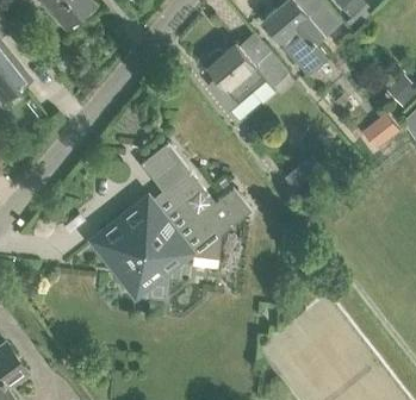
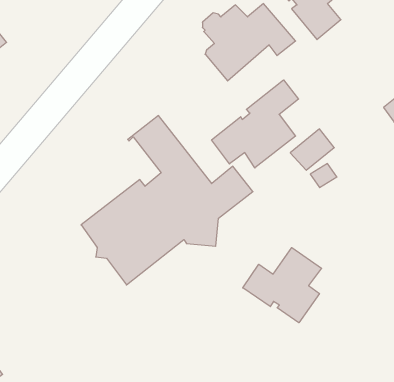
building: none -> [212,80,299,168]
building: none -> [243,248,322,323]

